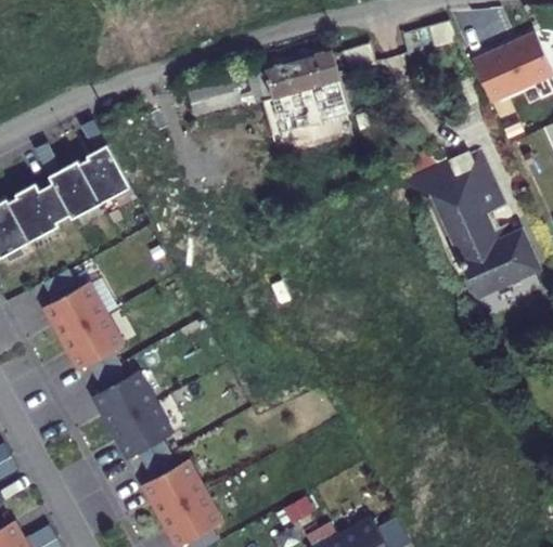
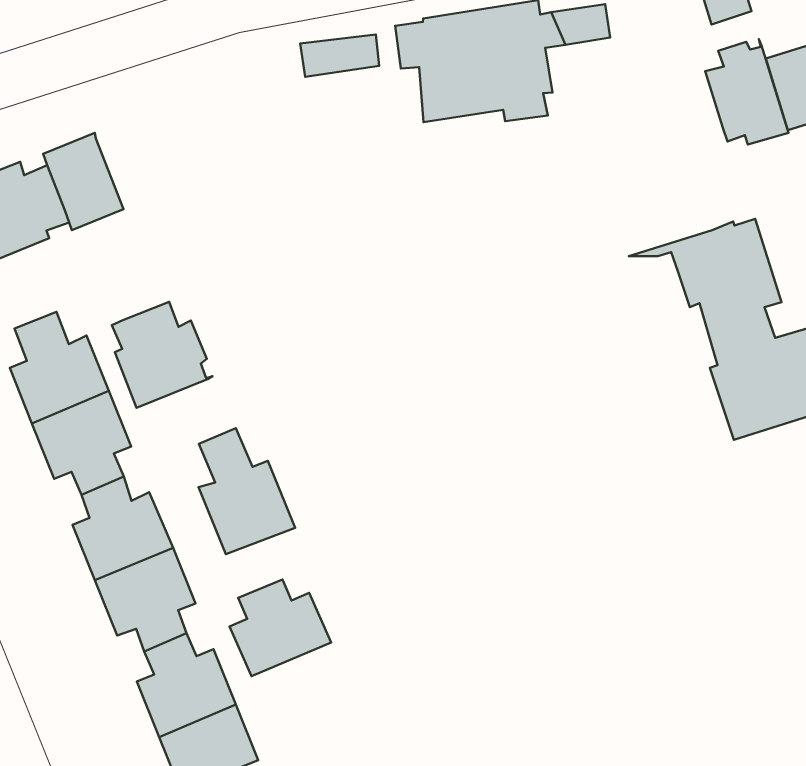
building: none -> [705,39,789,145]
building: [78,143,130,203] -> none
building: none -> [112,302,212,408]
building: none -> [198,428,295,554]
building: none -> [229,580,331,676]

